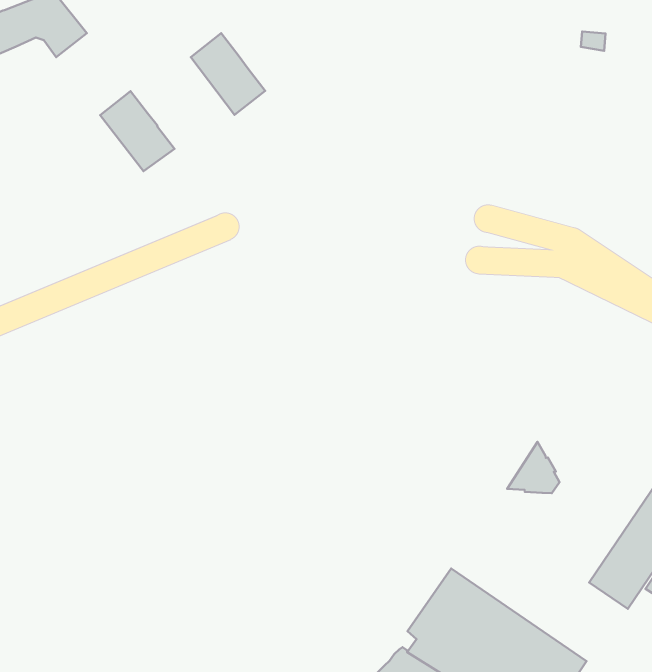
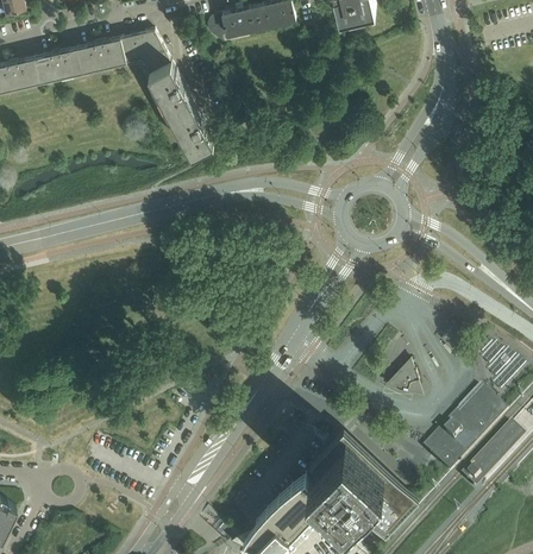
building: [191,33,265,115] -> [149,62,192,114]

